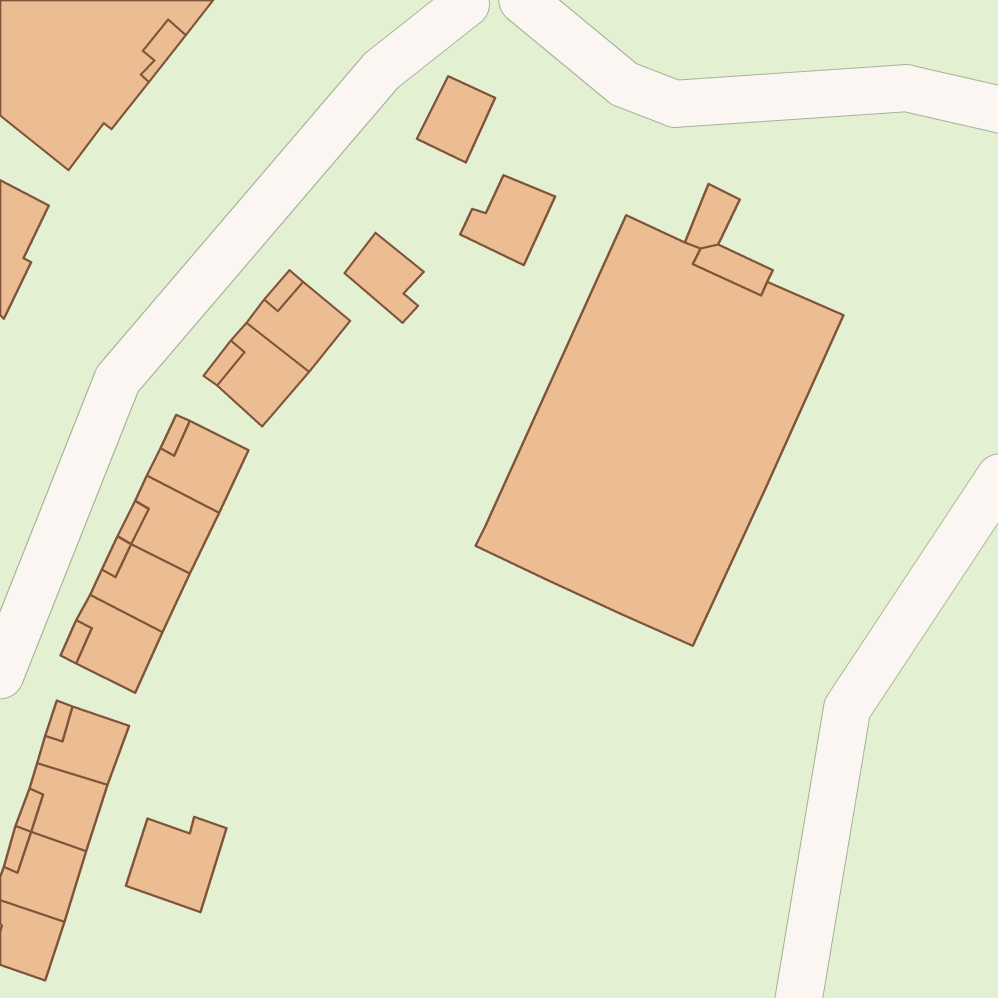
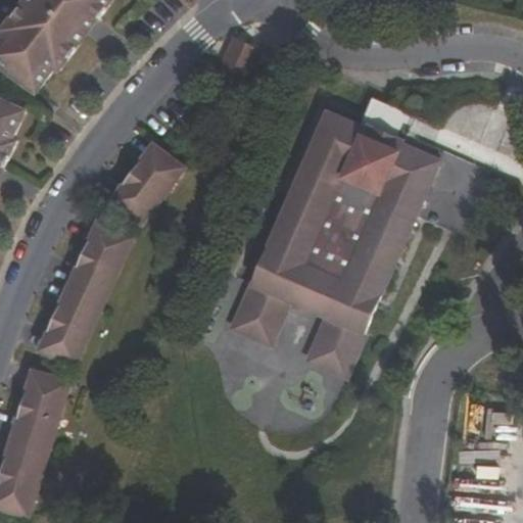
building: [460,175,555,265] -> none
building: [344,233,424,323] -> none
building: none -> [230,286,288,345]
building: none -> [306,322,363,378]
building: [126,817,226,912] -> none

